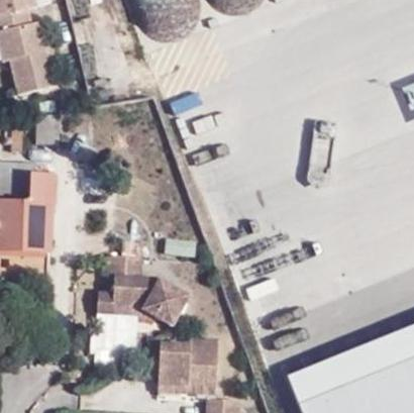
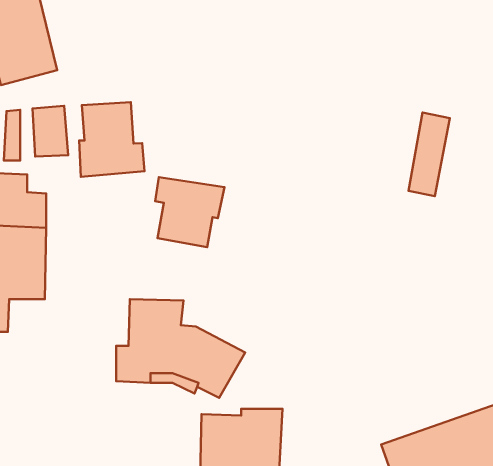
building: none -> [79,102,145,177]
building: none -> [155,177,224,247]

